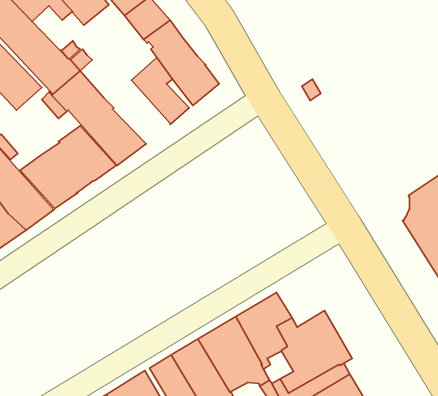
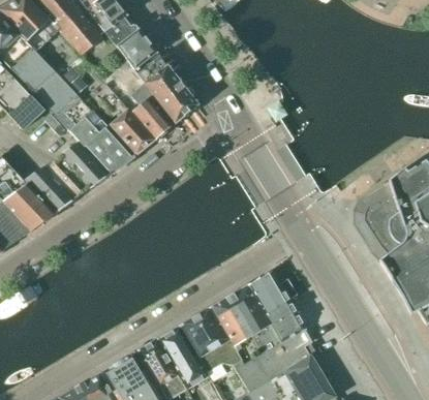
building: none -> [100,86,155,154]
building: none -> [247,271,298,315]

